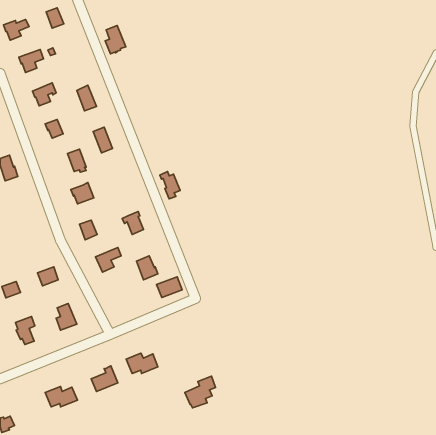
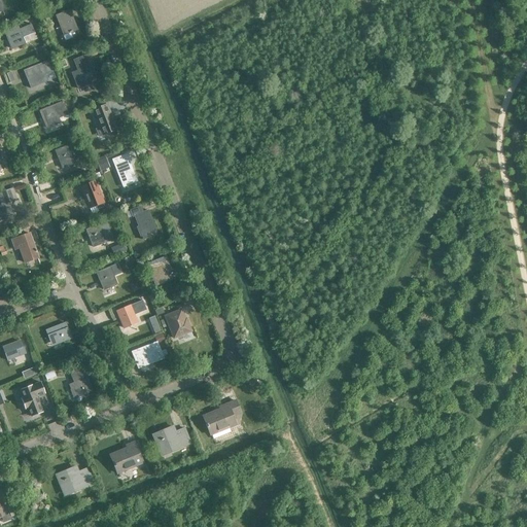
building: [105,26,126,54] -> [72,54,97,87]
building: [160,172,180,199] -> [131,206,155,239]
building: none -> [11,233,38,262]
building: [157,277,182,297] -> [132,342,163,366]
building: [185,376,216,408] -> [203,399,240,437]

